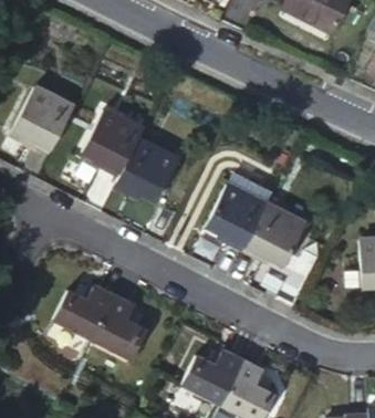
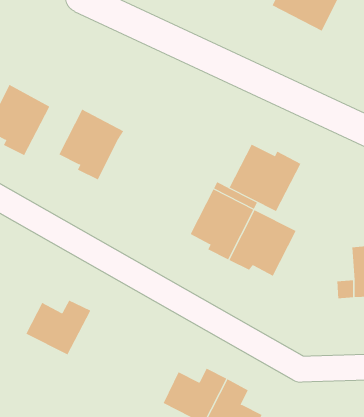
building: [115,136,179,199] -> none
building: none -> [229,144,301,212]
building: [92,296,146,359] -> none

